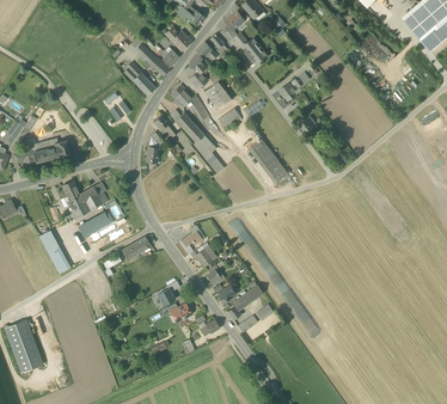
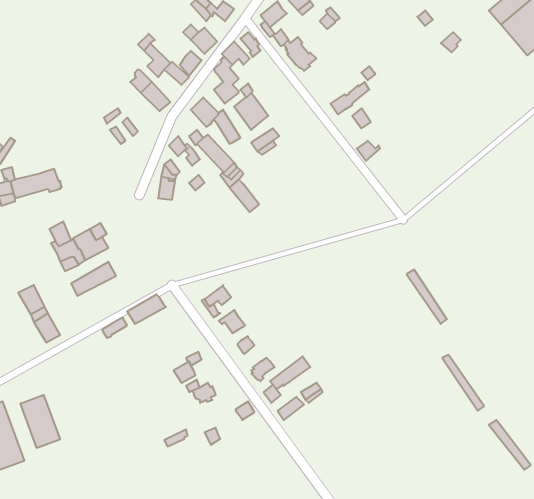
building: [249,139,288,184] -> none
building: none -> [20,395,60,448]

